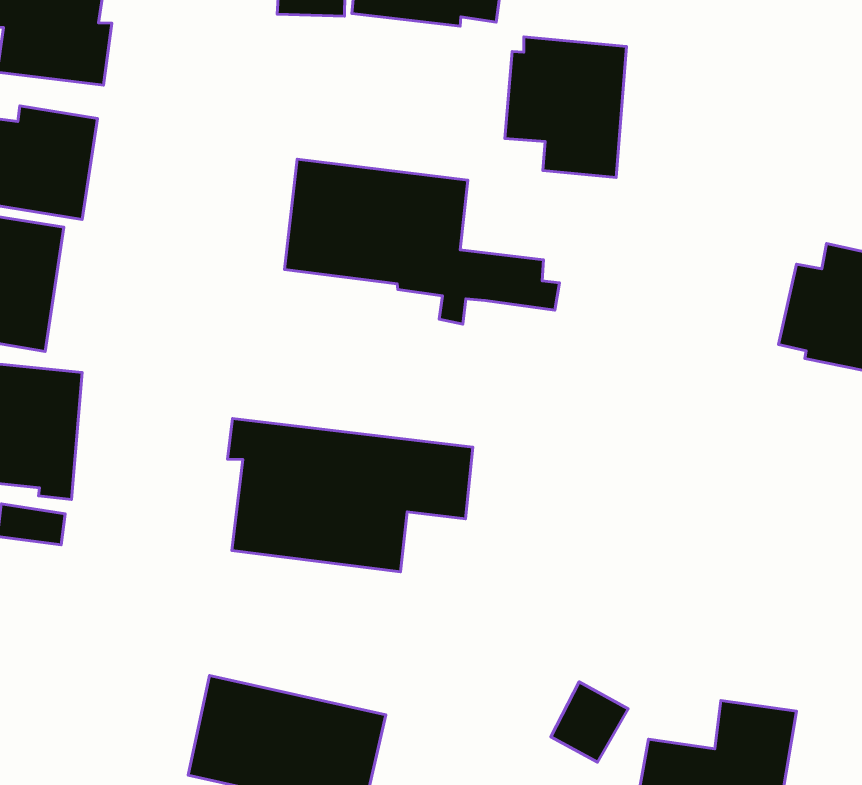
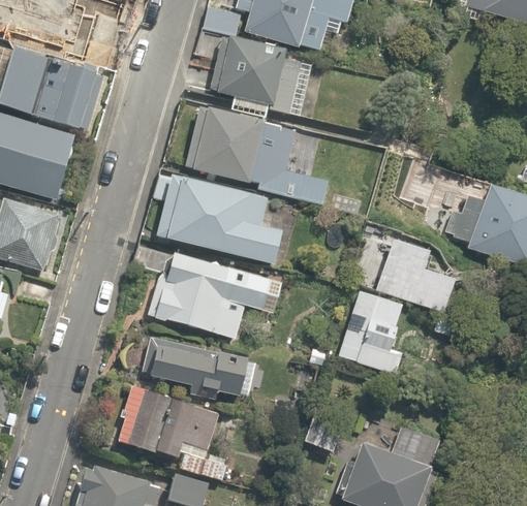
building: [505,37,626,178] -> [212,35,283,117]
building: none -> [159,178,281,261]
building: none -> [340,233,453,362]
building: none -> [145,341,250,399]

